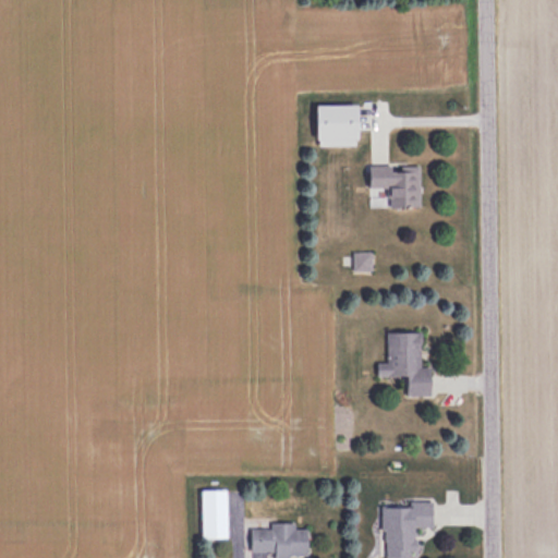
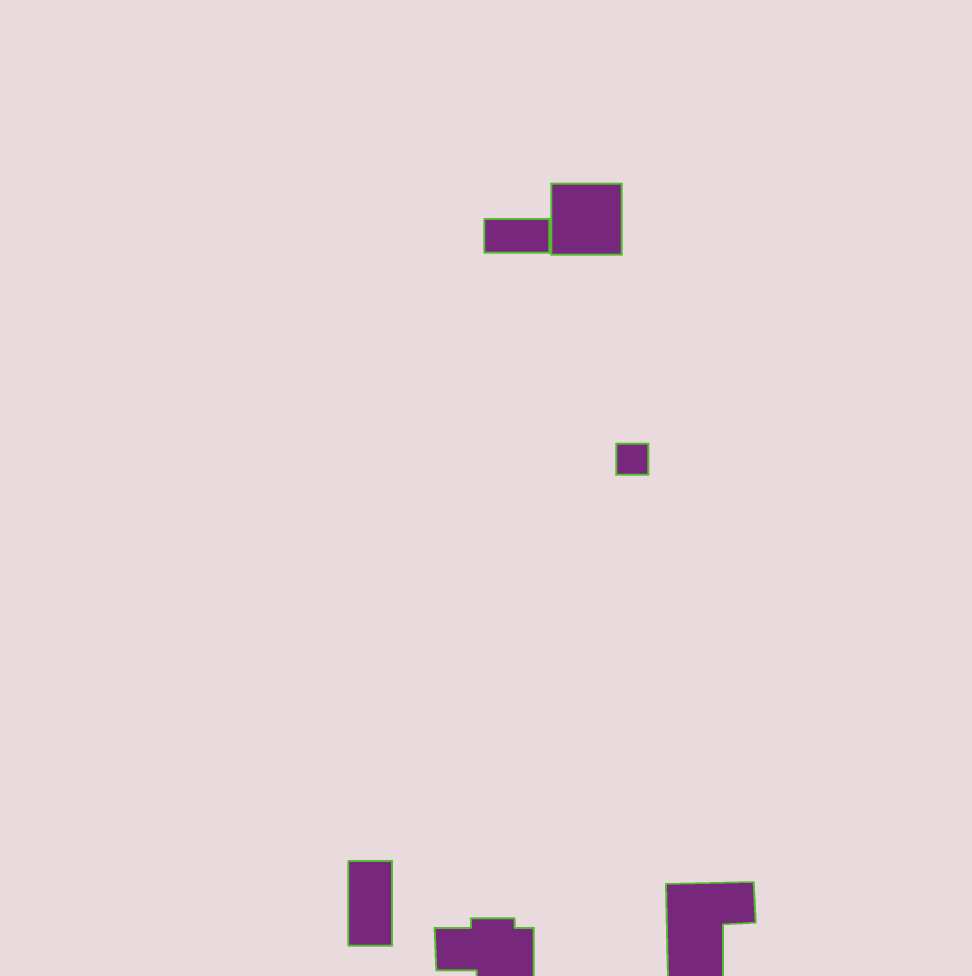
building: none -> [485,219,549,253]
building: [372,167,421,208] -> none
building: [378,333,430,397] -> none

